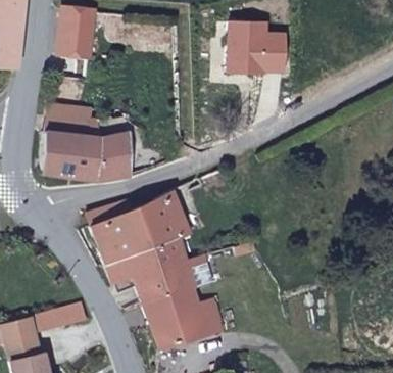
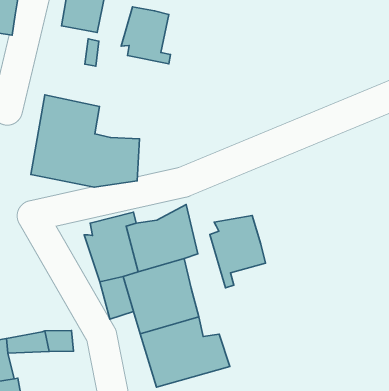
building: [226,17,285,67] -> none
building: none -> [121,7,170,64]
building: none -> [210,215,266,288]

